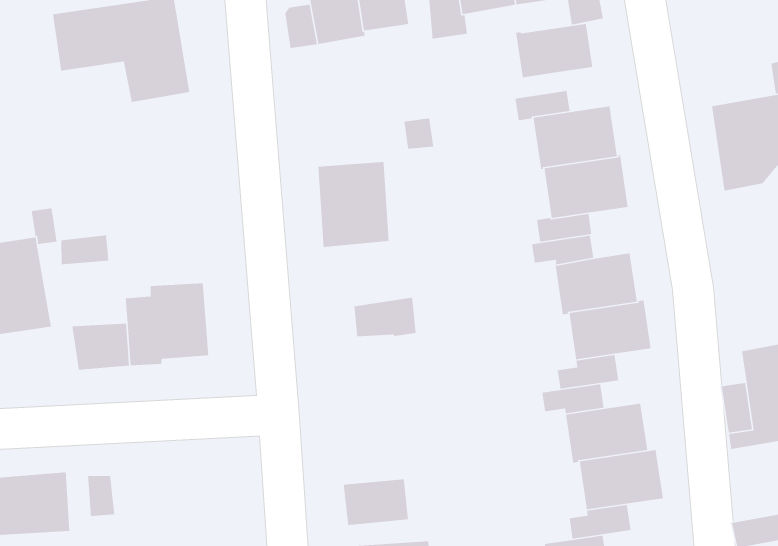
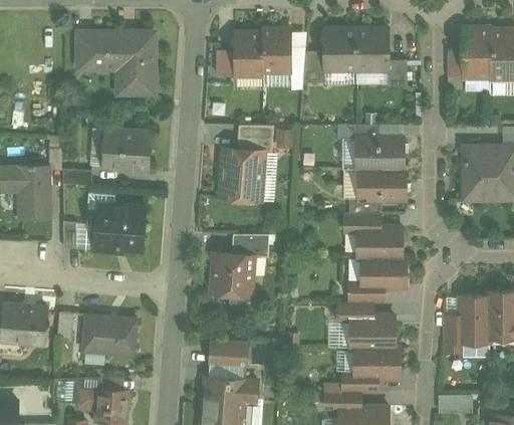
building: [515,23,593,78] -> none
building: none -> [236,125,273,153]
building: none -> [101,128,151,171]
building: none -> [210,252,253,295]
building: none -> [81,313,137,355]

